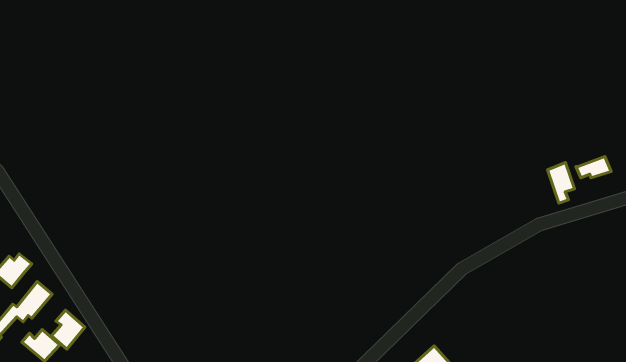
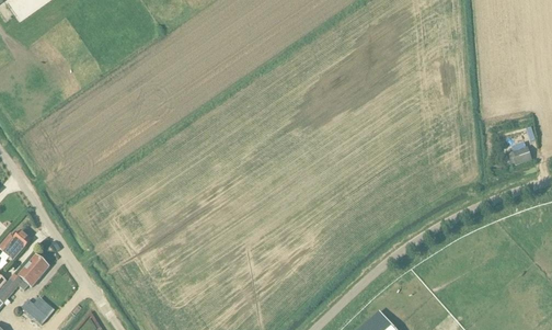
building: [548,163,575,203] -> none
building: [52,310,85,349] -> none

